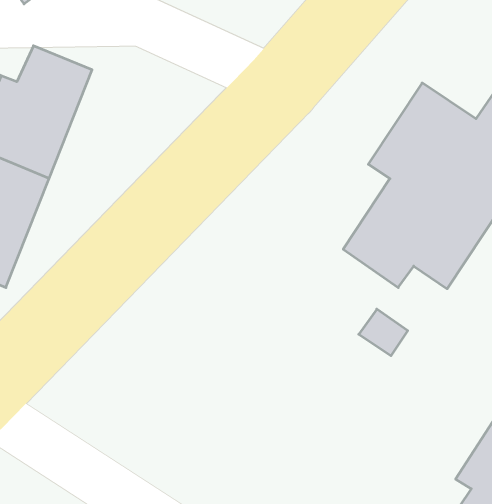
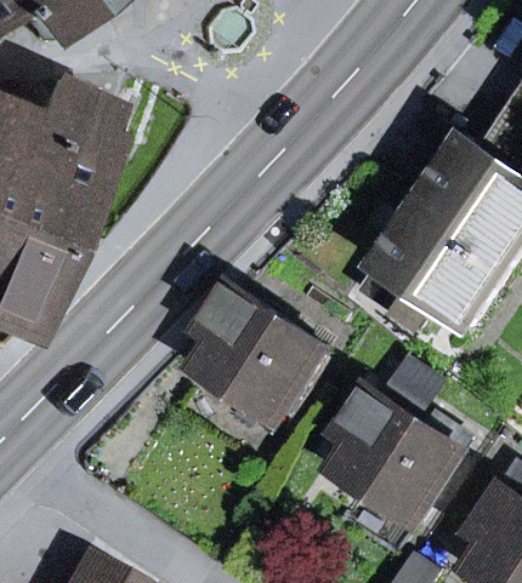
building: none -> [192,291,322,425]
building: none -> [331,393,469,528]

